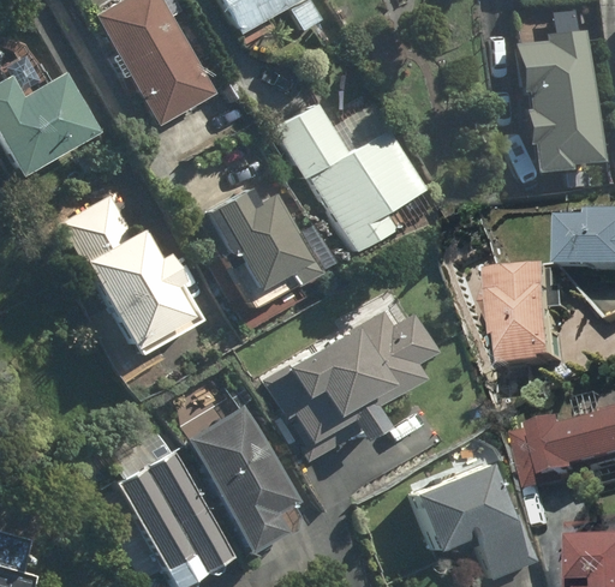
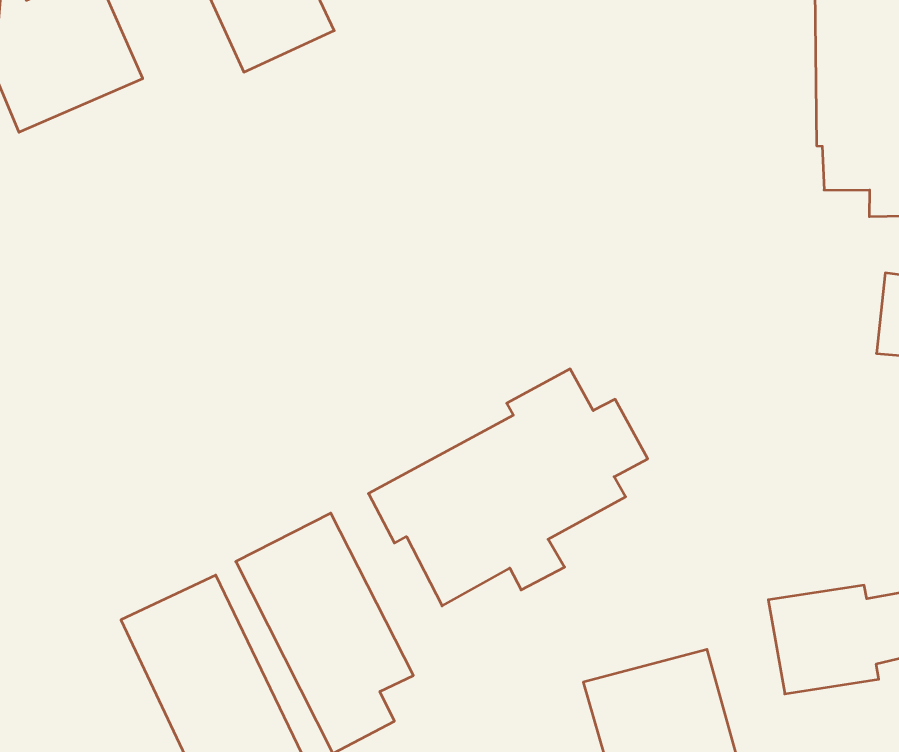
building: [274,103,431,251] -> none
building: [207,188,312,303] -> none
building: [62,192,202,355] -> none
building: [502,263,571,366] -> none

